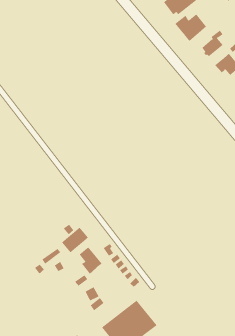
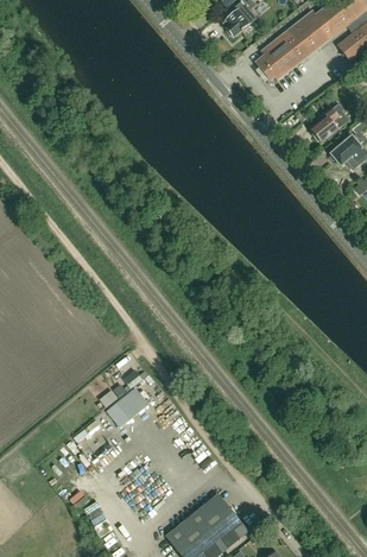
building: [174,14,207,42] -> none
building: [79,247,102,274] -> none

